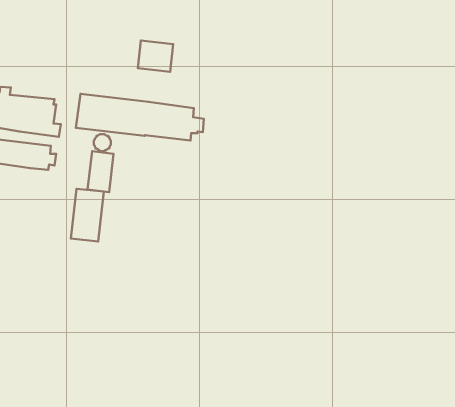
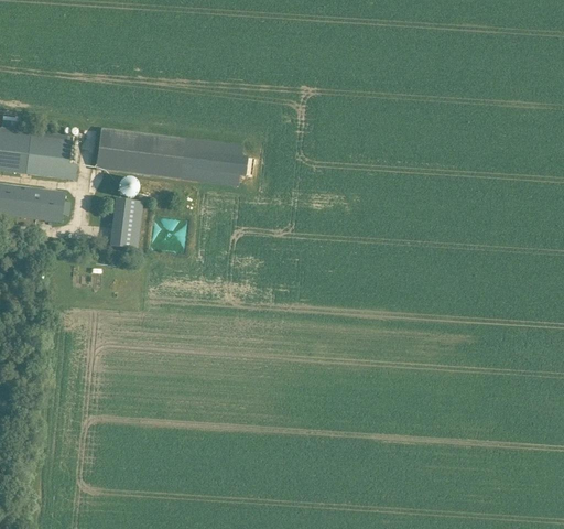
building: [138,40,173,72] -> none
building: [71,189,104,241] -> none

